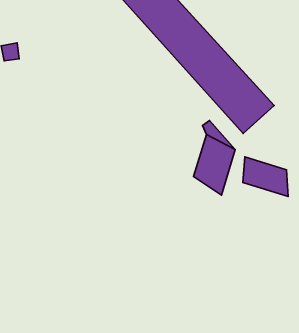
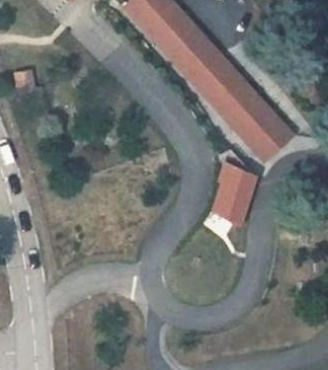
building: [243,157,288,197] -> none

